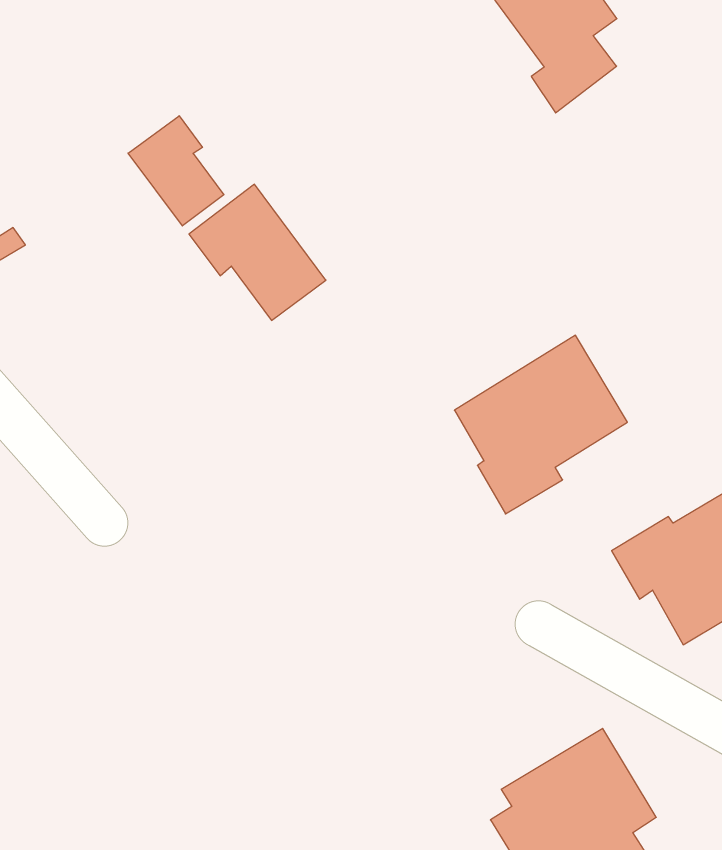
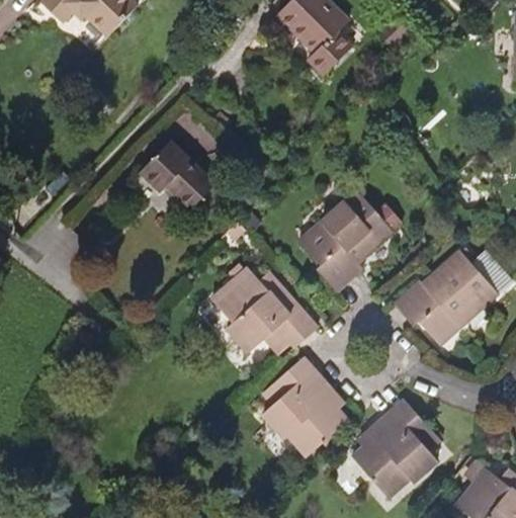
building: [128,116,224,226] -> none
building: none -> [210,266,320,355]
building: none -> [261,355,349,457]

